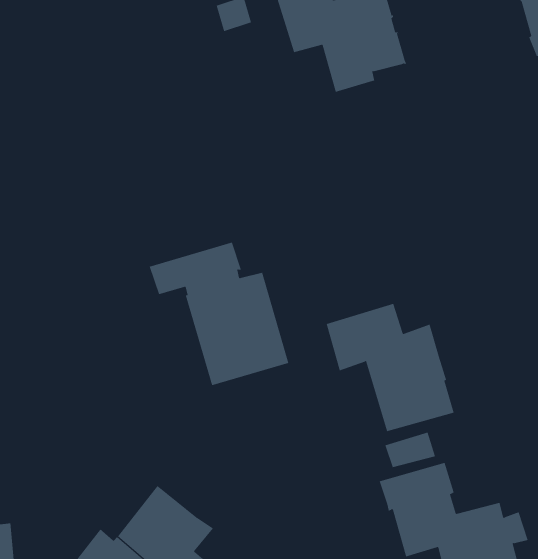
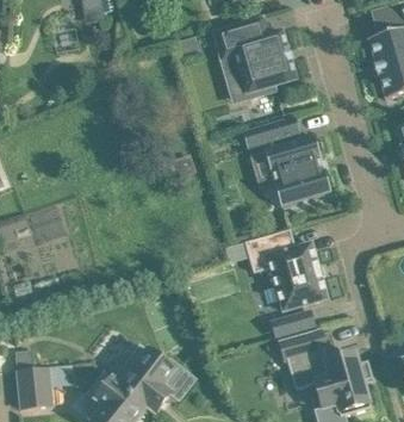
building: [149,242,289,386] -> [242,116,330,206]

